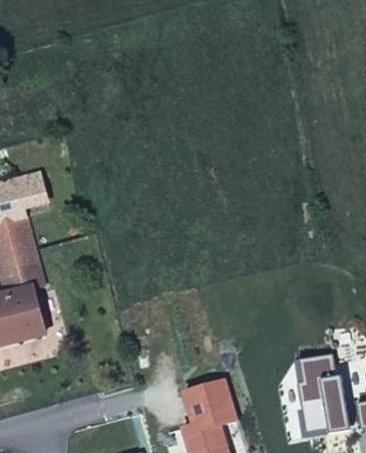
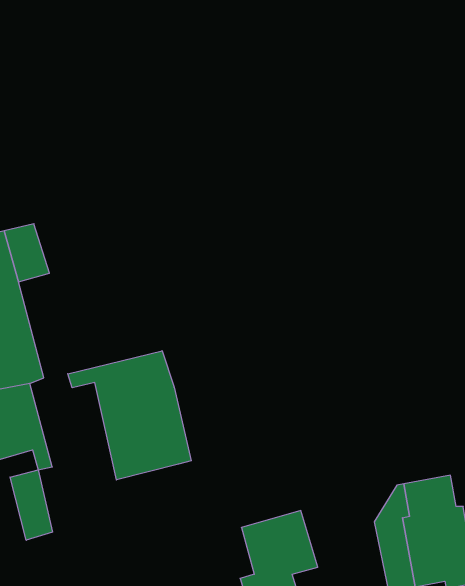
building: none -> [68,351,191,480]
building: none -> [10,470,53,540]

